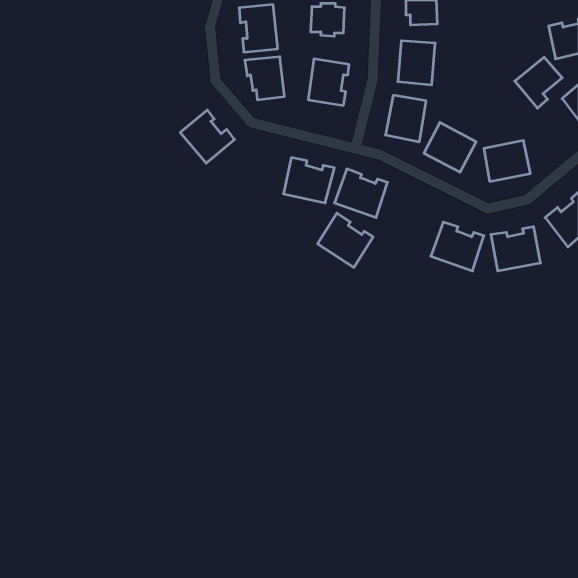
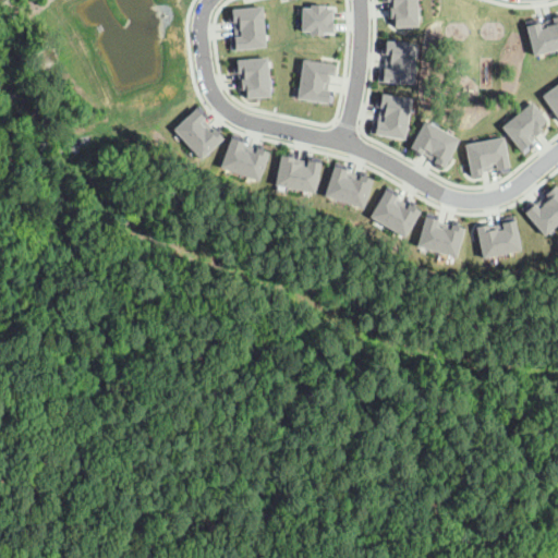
building: [515,57,562,108] -> [504,102,549,151]
building: none -> [218,135,269,184]
building: [318,213,373,267] -> [369,187,423,240]

